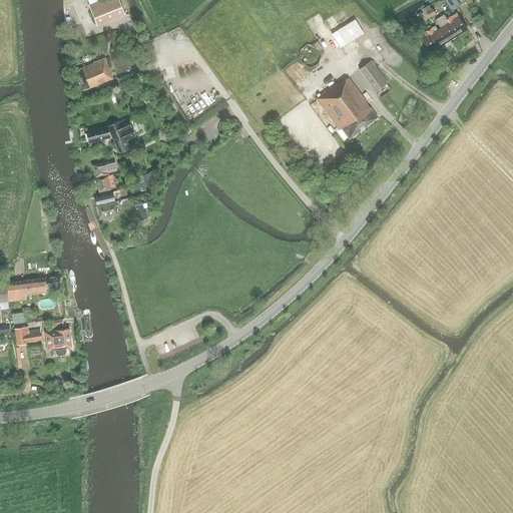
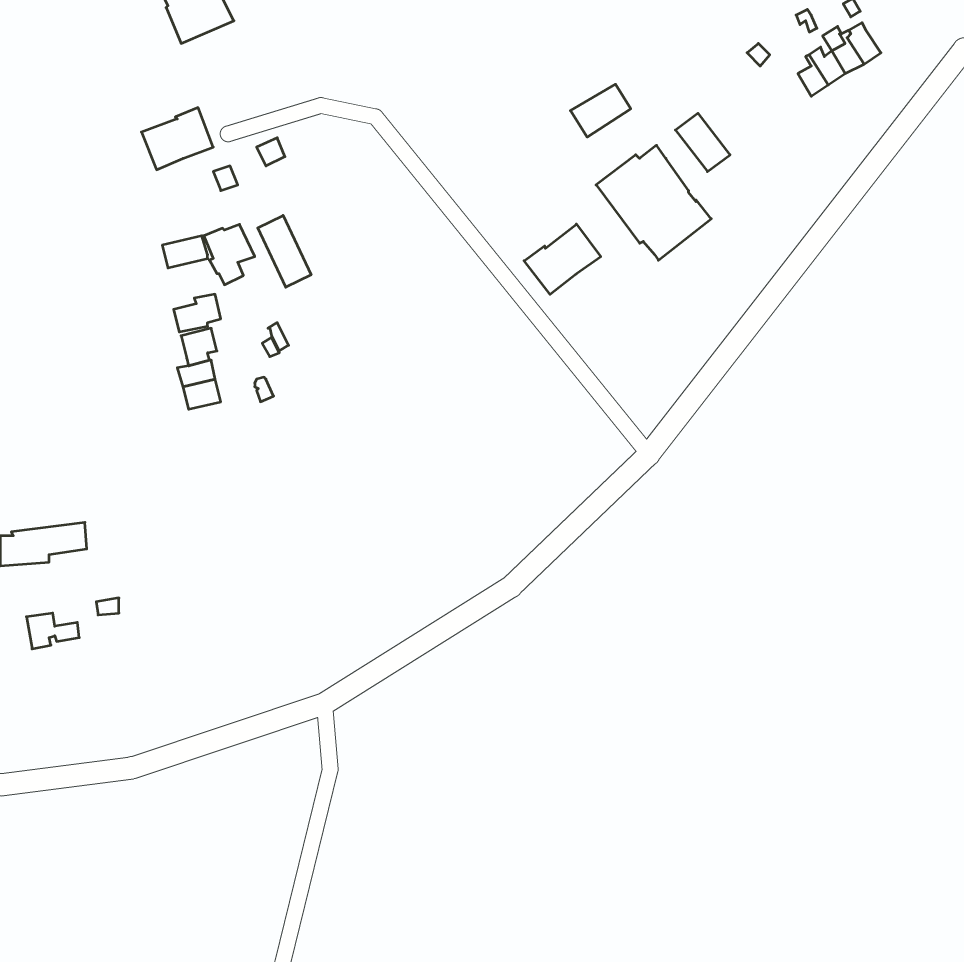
building: [332,19,364,47] -> [570,84,631,137]
building: none -> [258,215,311,287]
building: none -> [524,224,601,294]
building: [45,328,71,355] -> none

